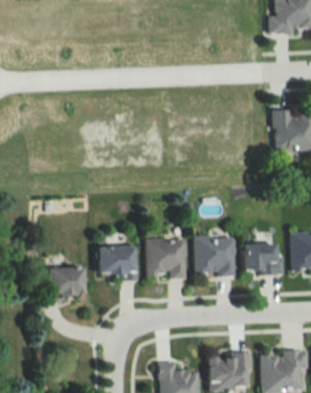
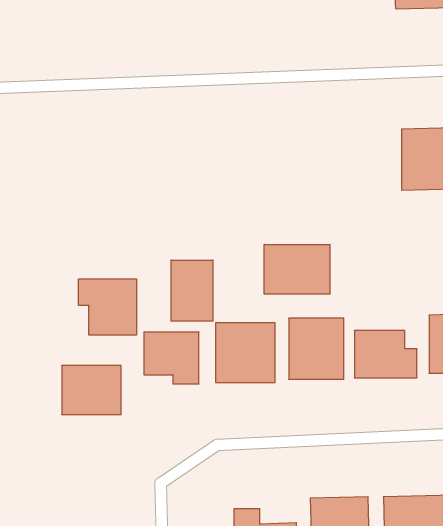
building: none -> [264,244,330,294]
building: none -> [171,260,213,321]
building: none -> [79,279,136,335]

